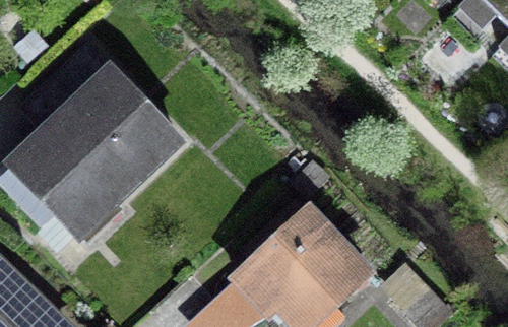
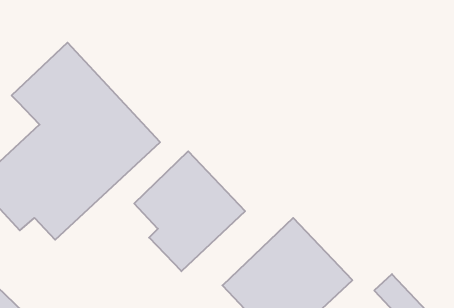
building: none -> [134,151,245,271]

